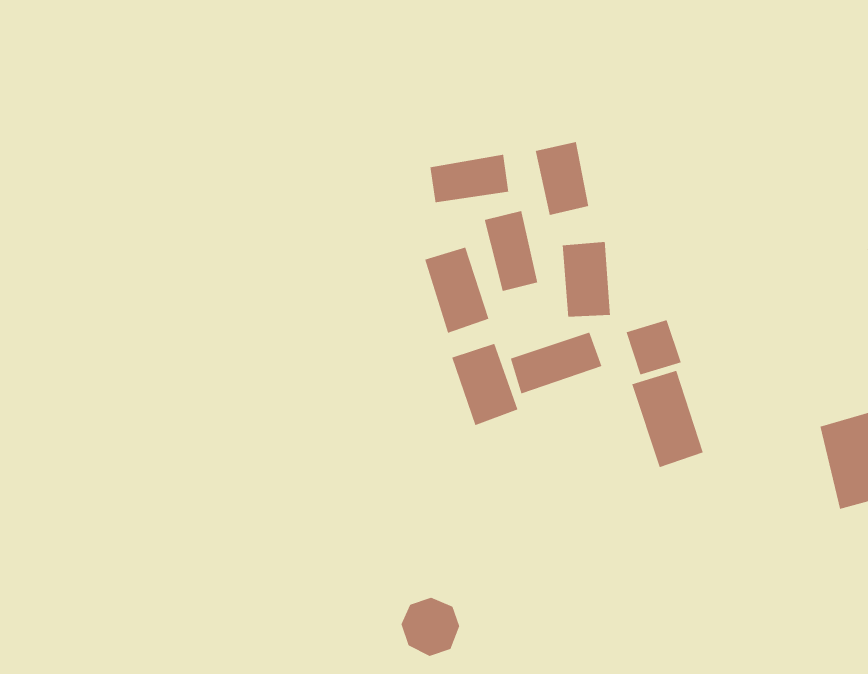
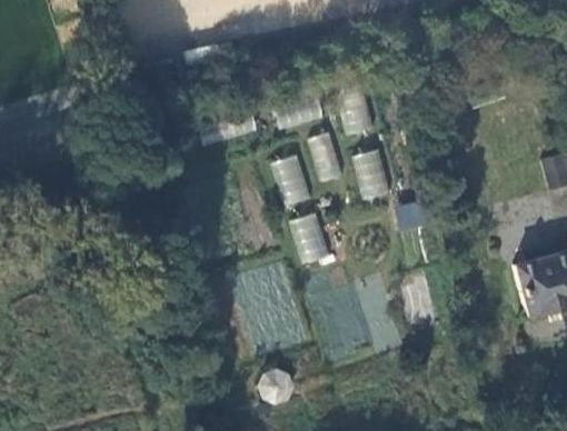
building: [510,331,602,394] -> none
building: [631,370,704,468] -> none

